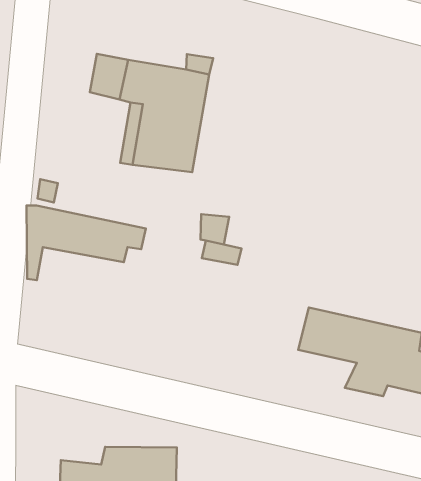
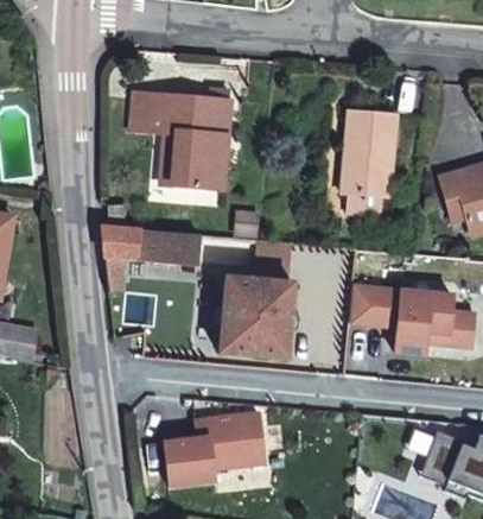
building: none -> [347,116,394,195]
building: none -> [212,285,284,357]

